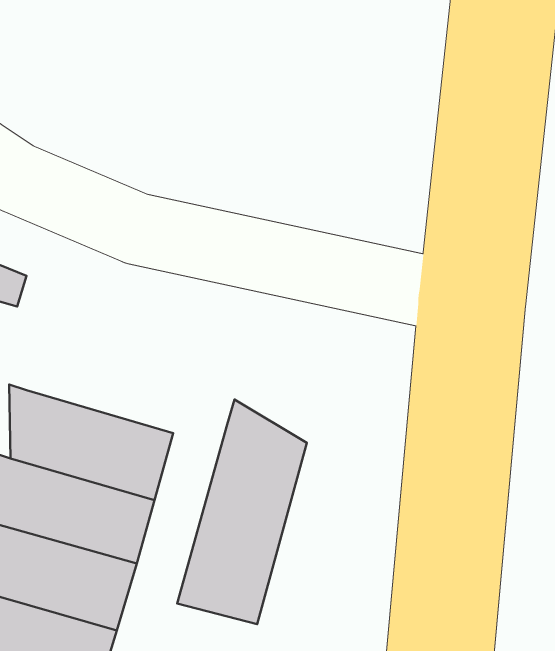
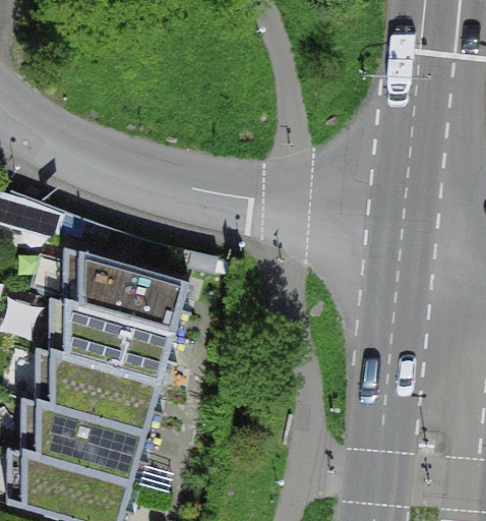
building: none -> [63,247,189,334]
building: [177,400,307,624] -> none

